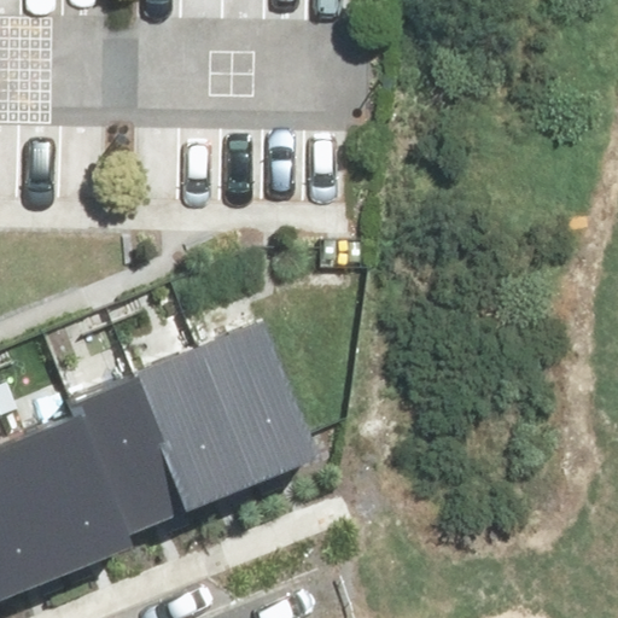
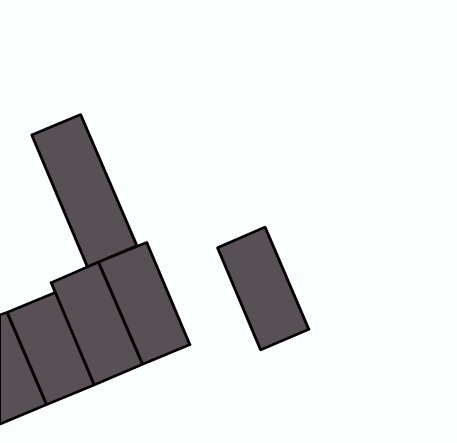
building: none -> [32,115,137,267]
building: [198,319,321,484] -> [218,227,309,350]

